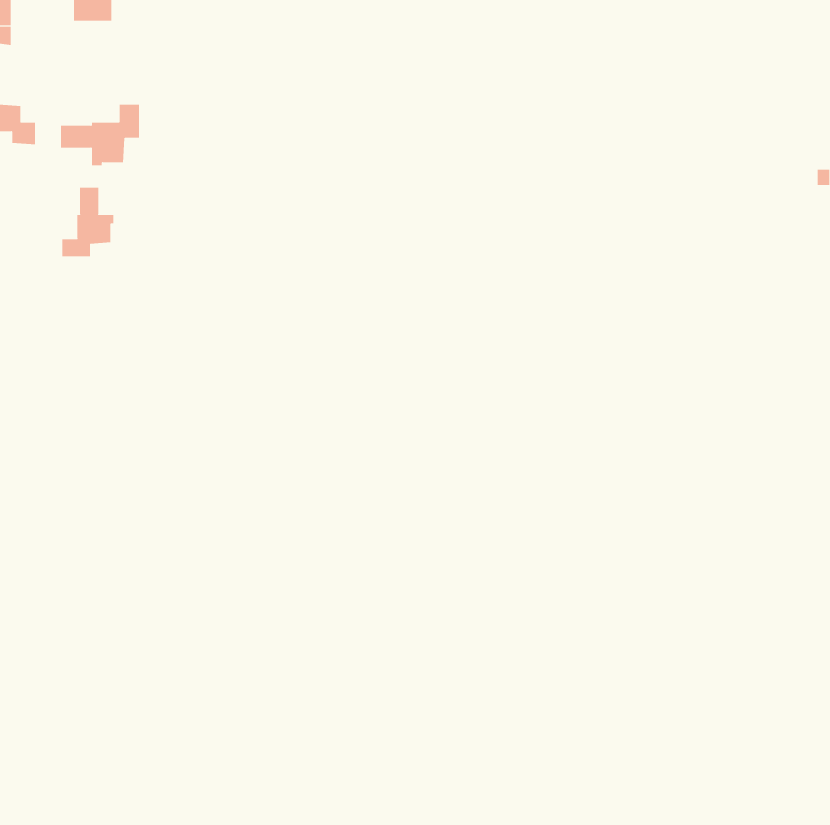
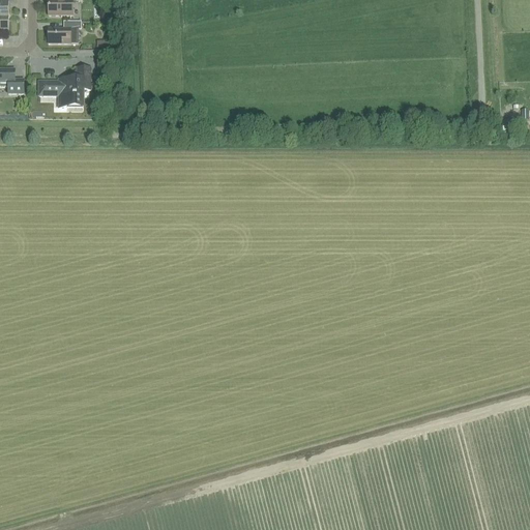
building: none -> [47,19,80,41]
building: [62,187,114,257] -> none

